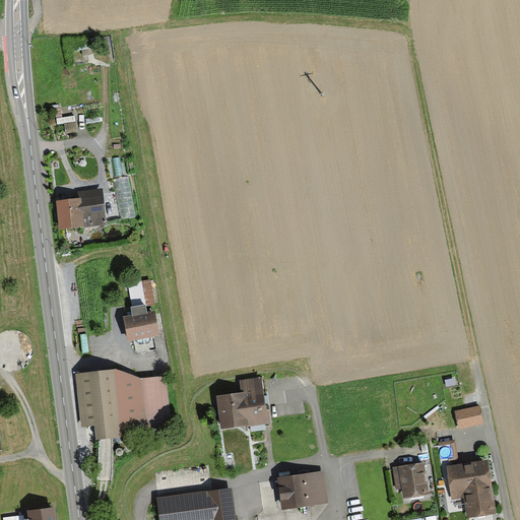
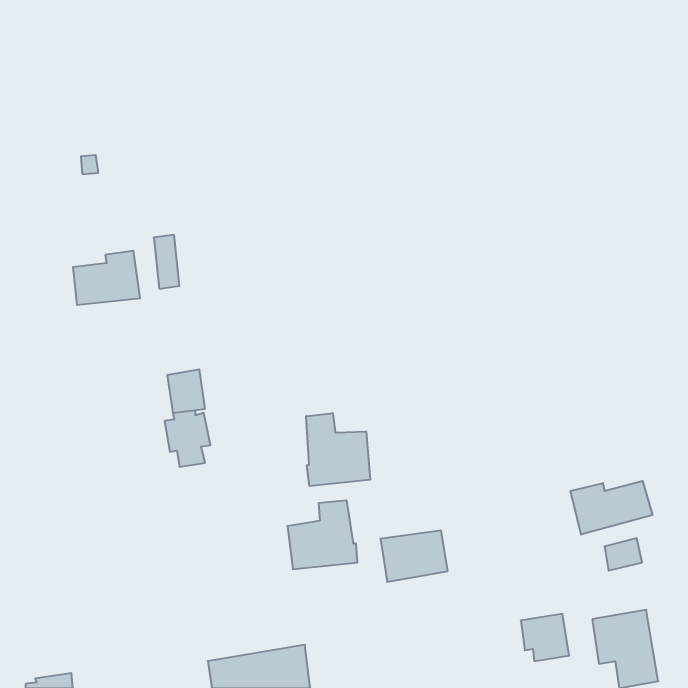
building: none -> [306,413,370,486]
building: none -> [571,481,652,535]
building: [76,370,168,434] -> none
building: [277,471,328,510] -> [380,531,448,582]

